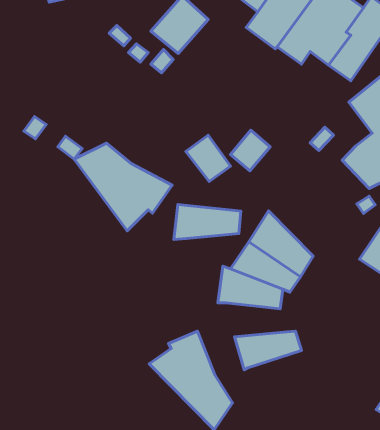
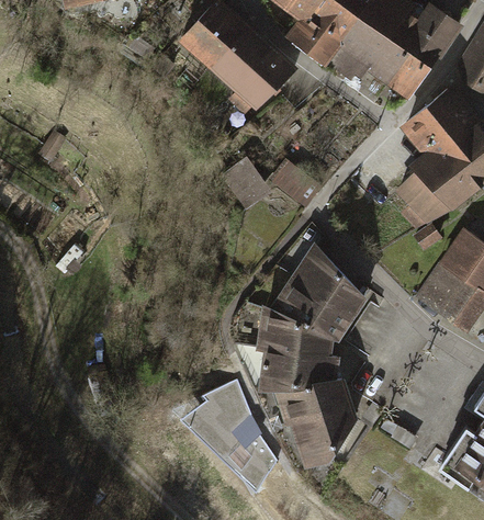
building: none -> [213,29,292,112]
building: [74,143,172,231] -> none
building: [174,204,241,239] -> [262,349,338,388]
building: none -> [292,403,357,466]

